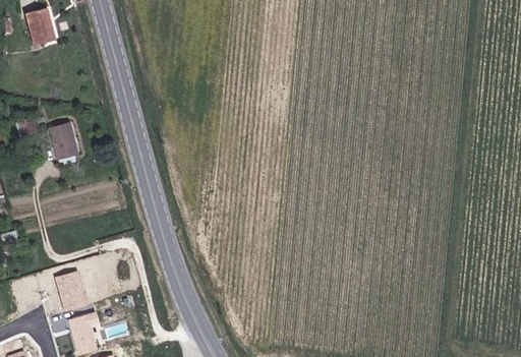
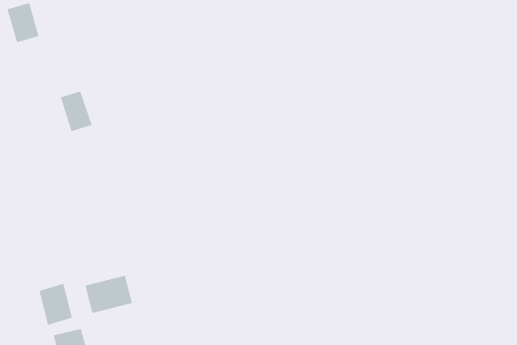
building: [50,121,80,160] -> [60,90,93,132]
building: none -> [85,275,133,314]

